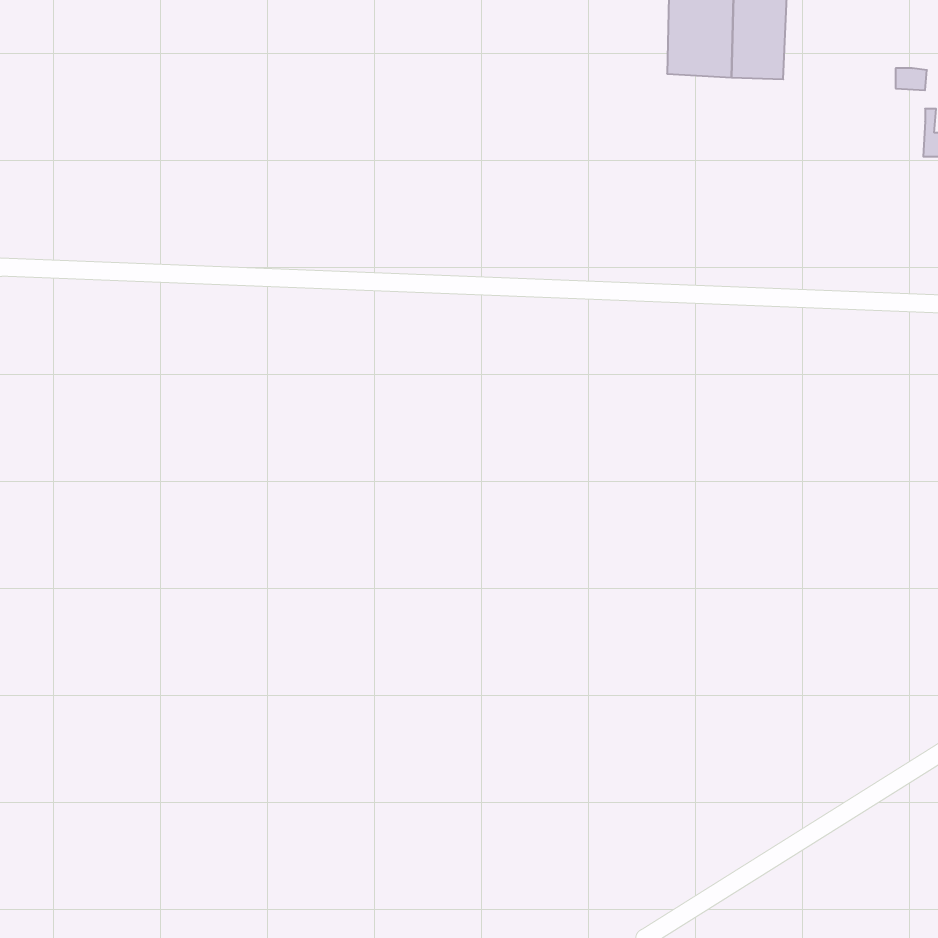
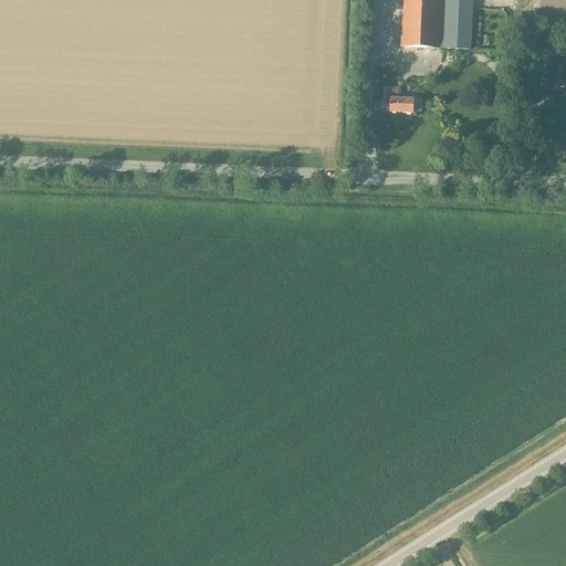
building: none -> [385,85,416,112]

